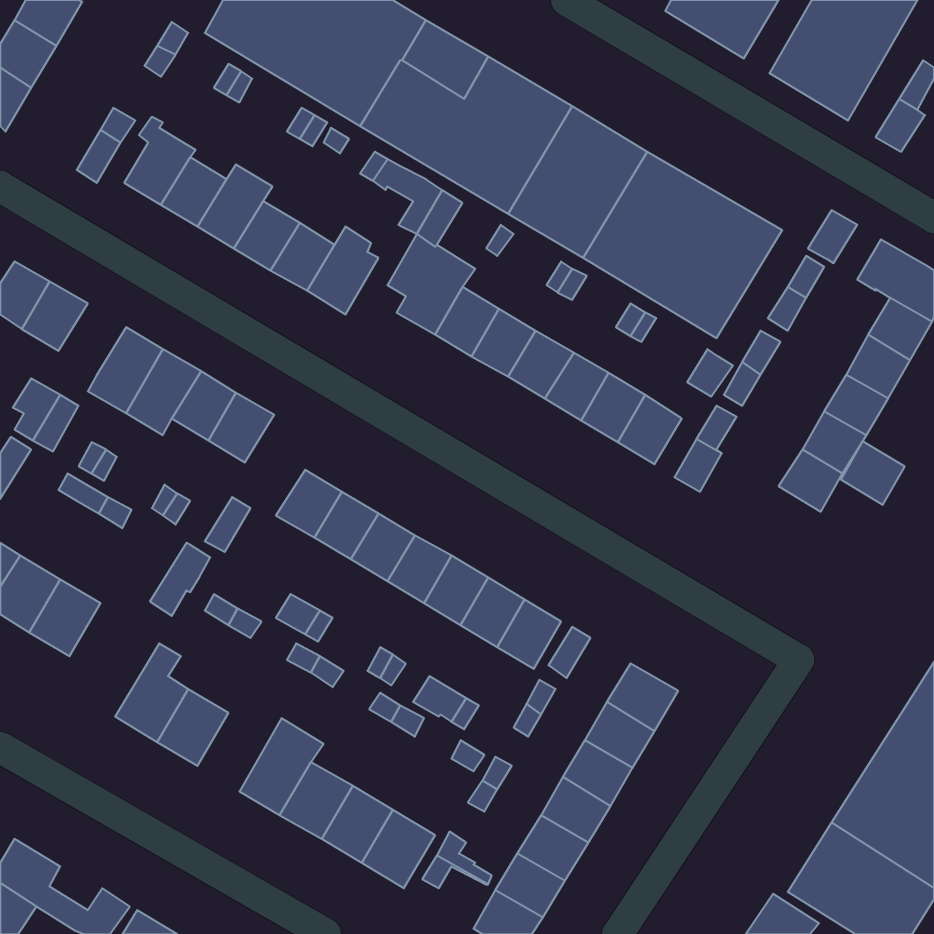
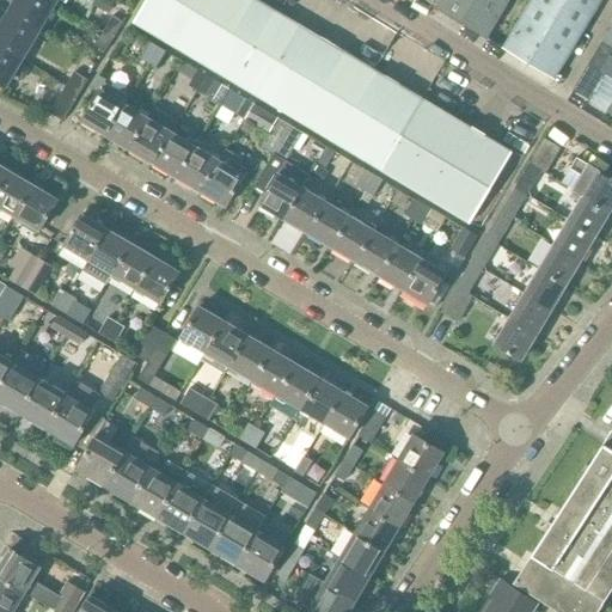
building: [841,441,905,505] -> [495,318,537,360]
building: none -> [137,332,182,402]
building: none -> [45,394,93,445]
building: none -> [129,460,184,518]

